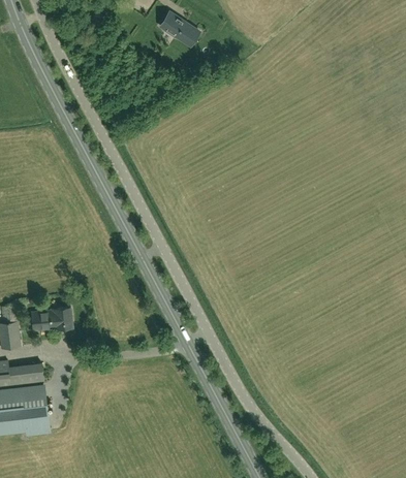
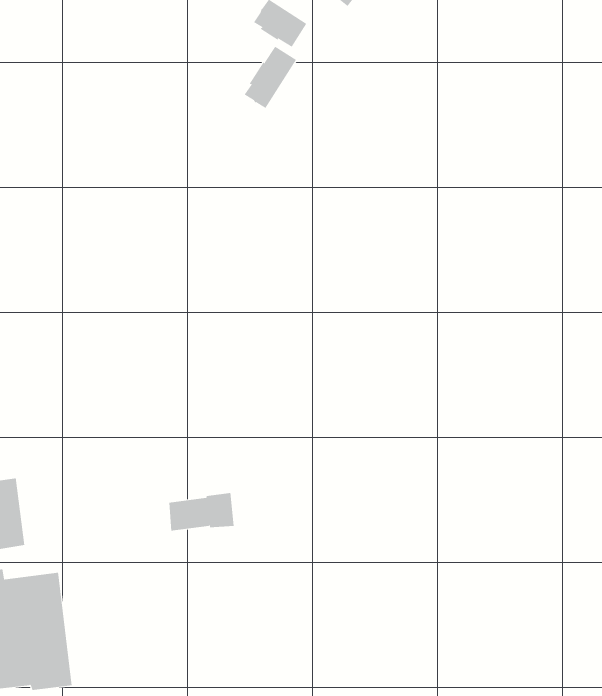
building: none -> [244,46,297,109]
building: [32,307,72,330] -> [169,492,235,531]

